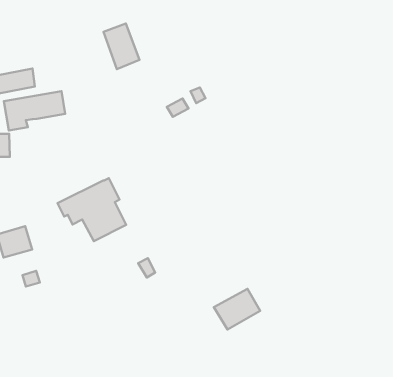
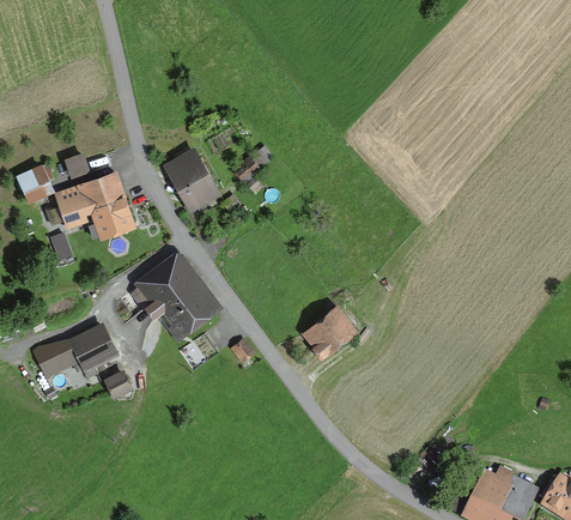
building: [104,24,139,69] -> [166,152,211,204]
building: none -> [95,196,128,234]
building: [214,289,260,329] -> [303,308,354,356]

